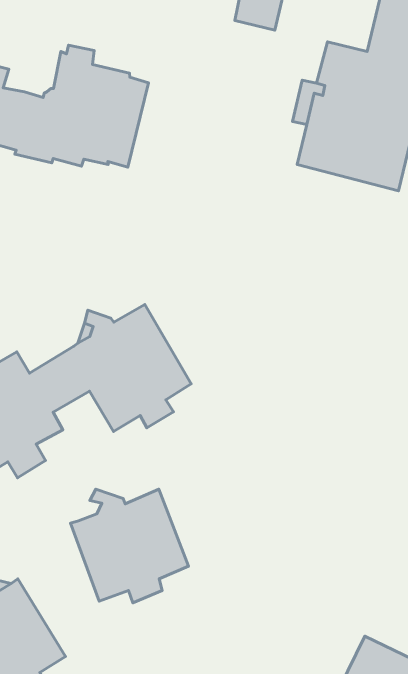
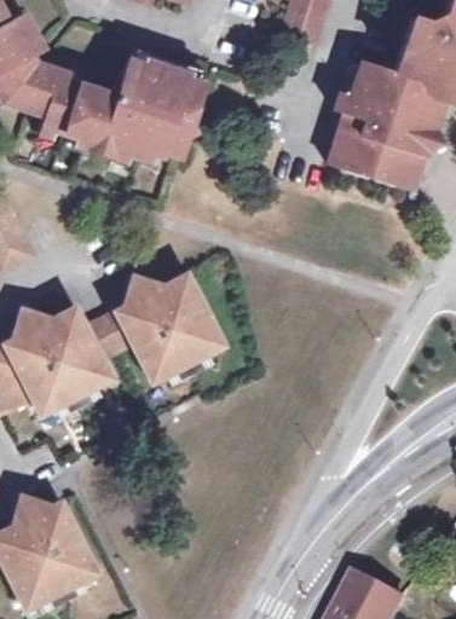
building: [71,489,188,603] -> none

